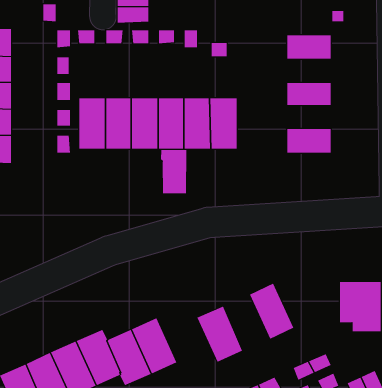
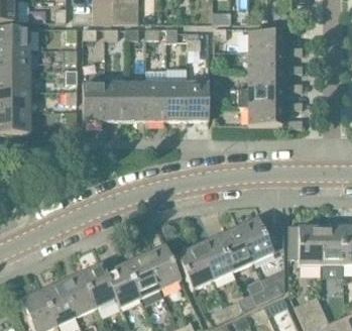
building: none -> [246,51,281,70]
building: none -> [237,88,281,106]
building: [160,149,187,194] -> none
building: none -> [236,218,283,262]
building: none -> [197,236,233,281]
building: none -> [144,244,181,290]

